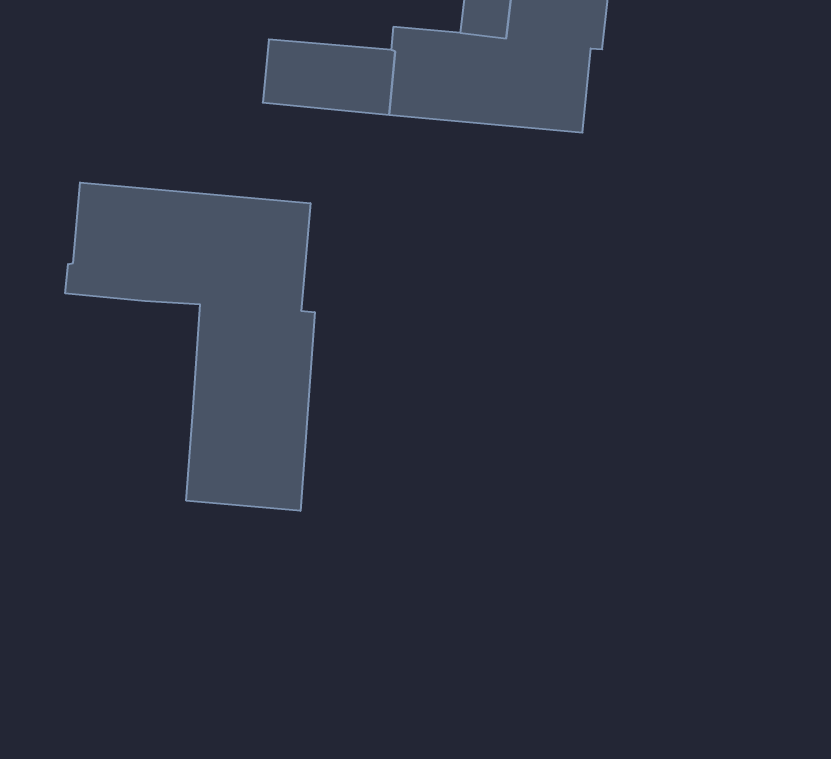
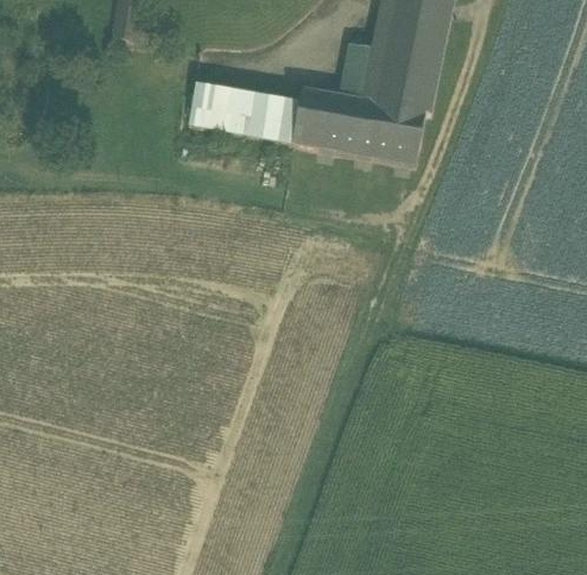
building: none -> [189,83,221,127]
building: [65,182,315,511] -> none

